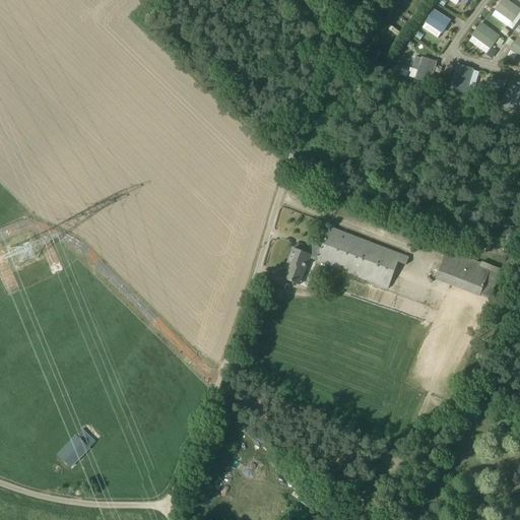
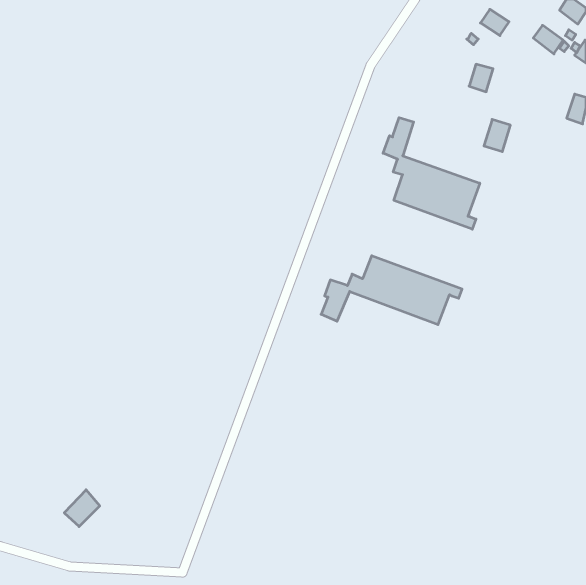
building: [449,64,472,92] -> [484,119,510,152]
building: none -> [383,118,480,229]
building: [436,253,501,300] -> none

